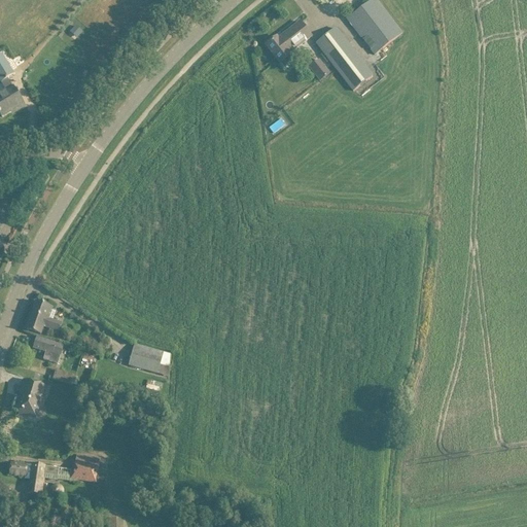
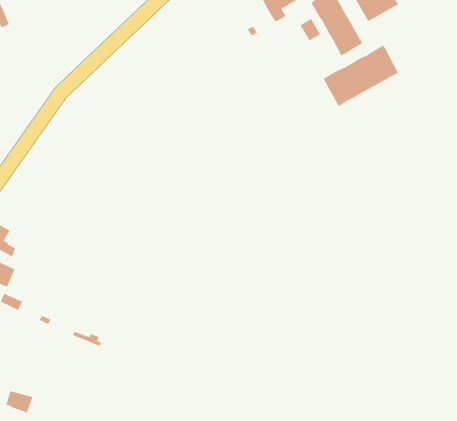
building: none -> [323,44,399,107]
building: [128,342,169,375] -> none

